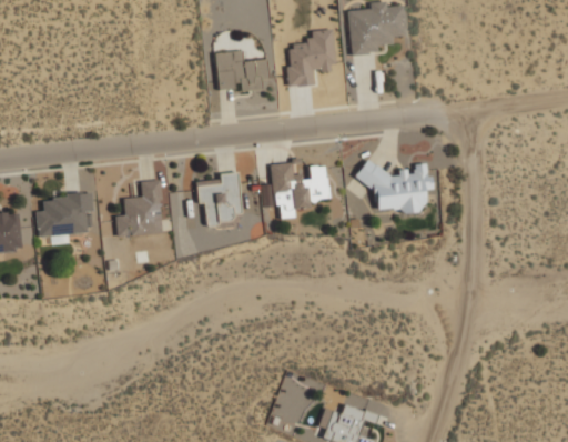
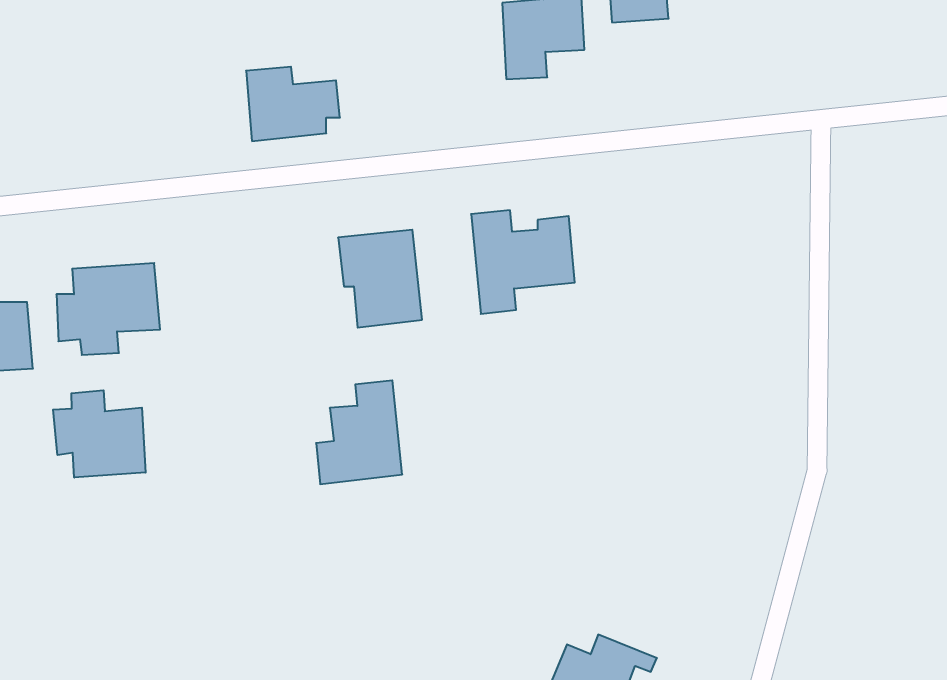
building: [215,50,268,92] -> [246,67,340,141]
building: [359,162,429,212] -> none
building: [115,179,164,238] -> [316,380,402,484]
building: none -> [53,390,146,478]

